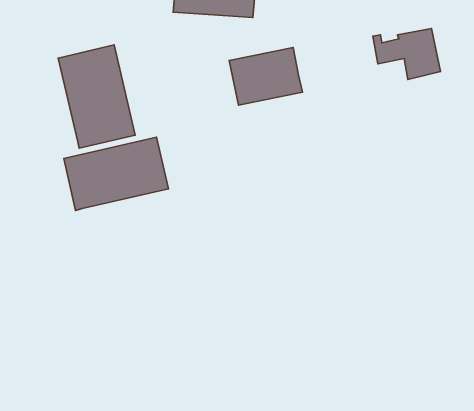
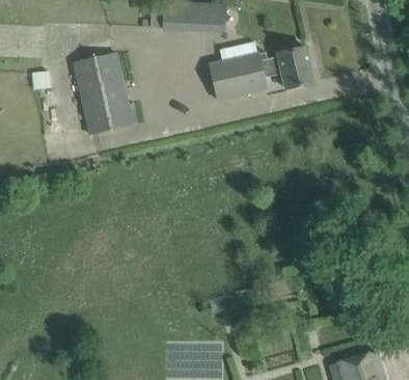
building: [373,28,441,79] -> [258,48,312,88]
building: [64,137,168,210] -> none

